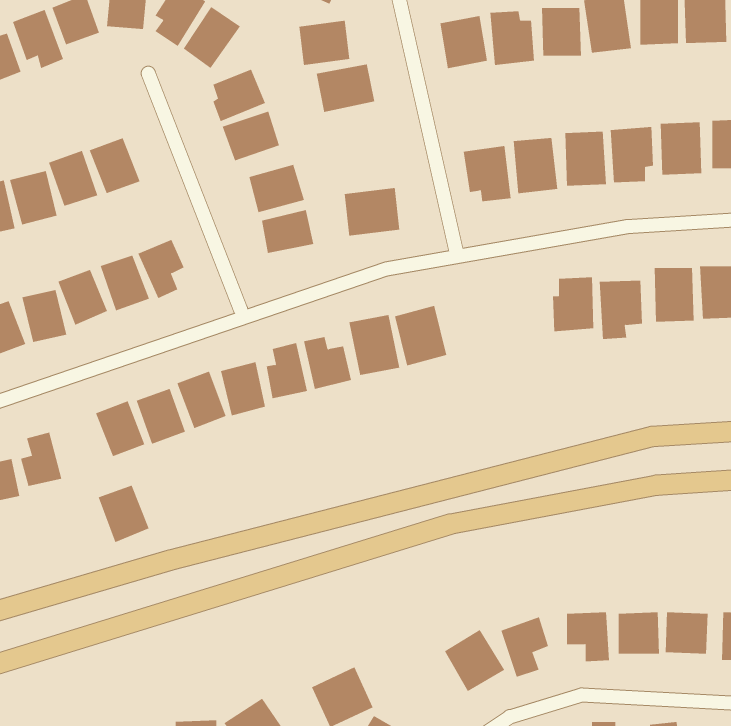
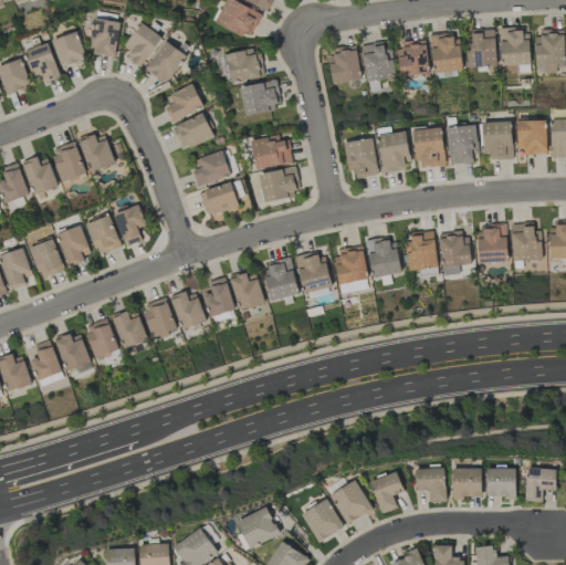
building: none -> [250,135,293,170]
building: none -> [366,238,400,278]
building: none -> [334,245,367,293]
building: [98,485,149,543] -> [54,332,91,373]
building: none -> [302,499,343,543]

